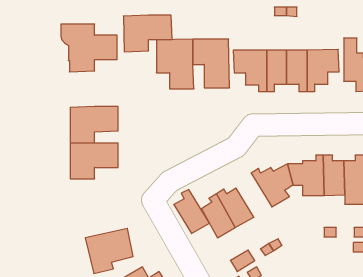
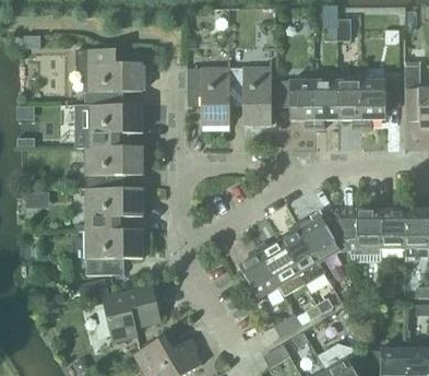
building: [123,15,172,52] -> [85,104,142,146]
building: none -> [86,230,142,274]
building: [174,190,209,234] -> [279,223,321,274]

